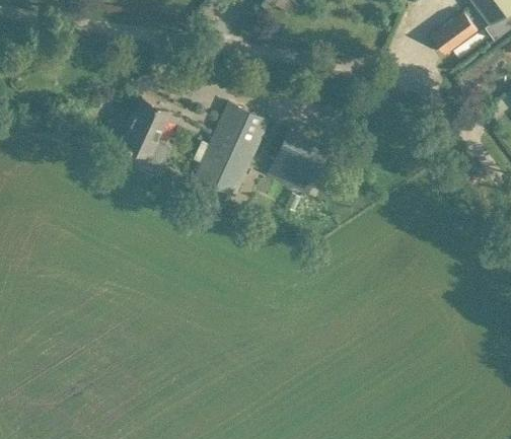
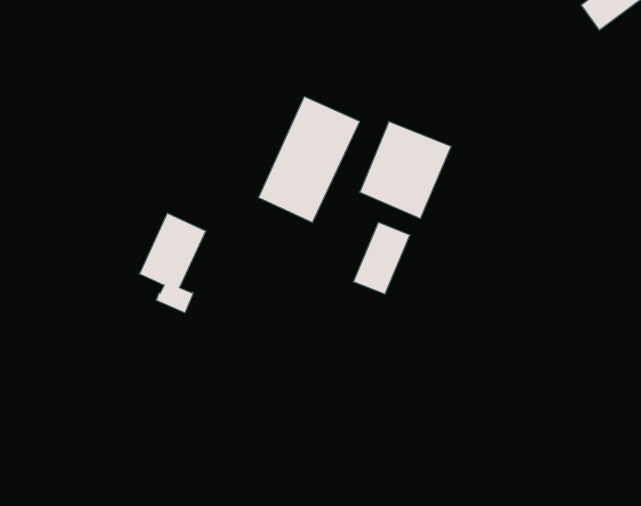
building: [122,100,170,173] -> [139,213,206,313]
building: none -> [353,222,410,294]

